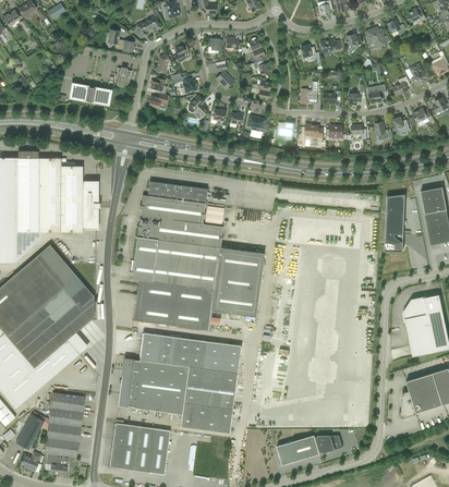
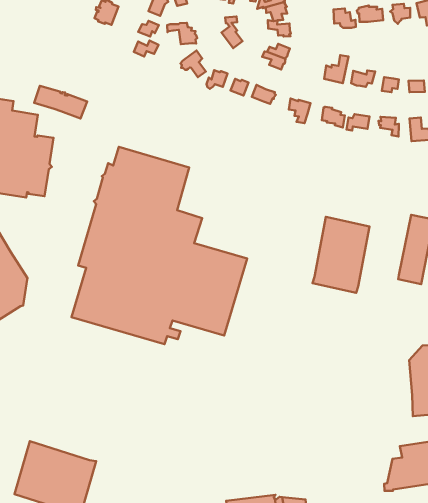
building: [70,84,111,105] -> [34,86,87,118]
building: none -> [312,217,369,293]
building: [118,332,241,433] -> none

